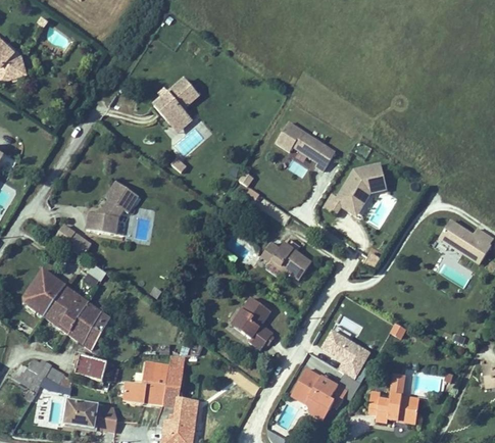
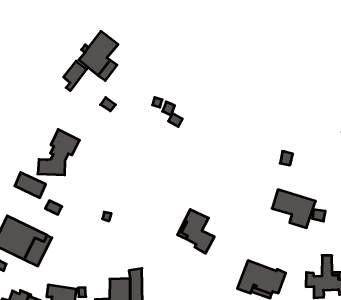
building: none -> [64,61,87,91]
building: [275,120,335,169] -> none
building: [323,162,387,217] -> none
building: [259,240,310,279] -> none
building: [66,303,109,351] -> none
building: [318,327,369,376] -> [272,190,316,228]

